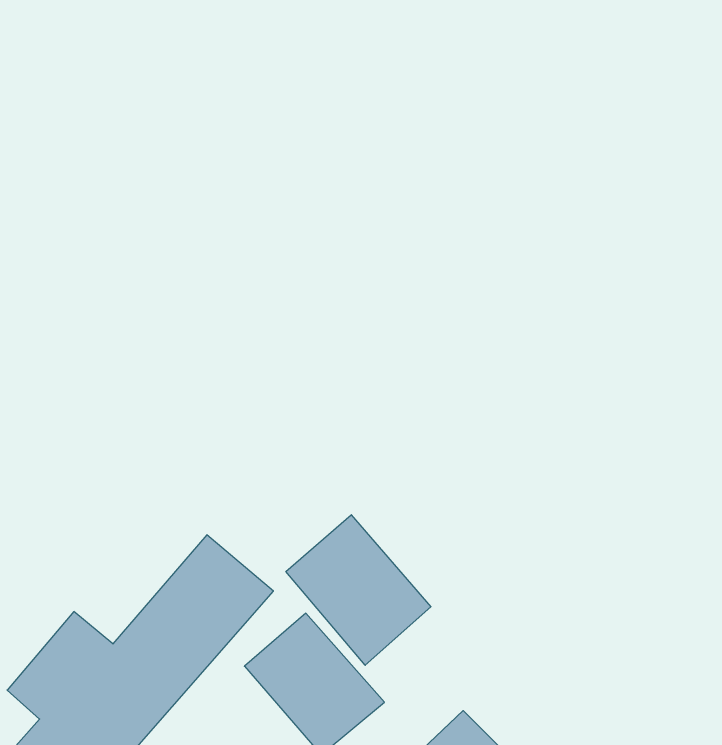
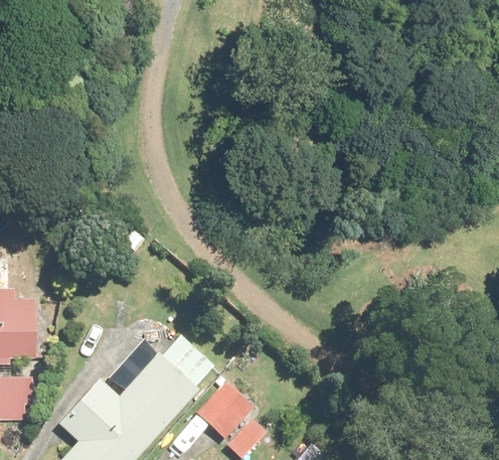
building: [286,515,431,665] -> none

